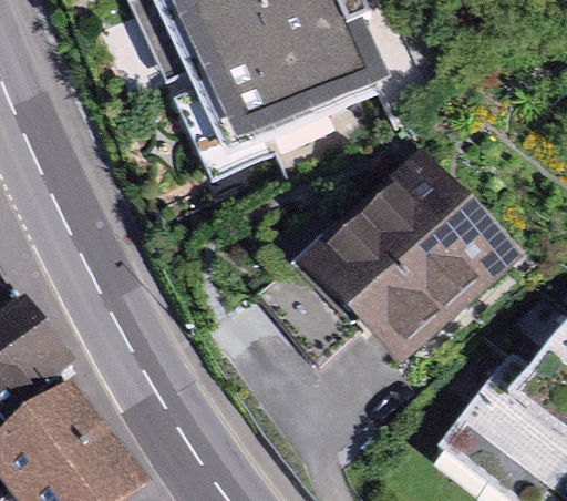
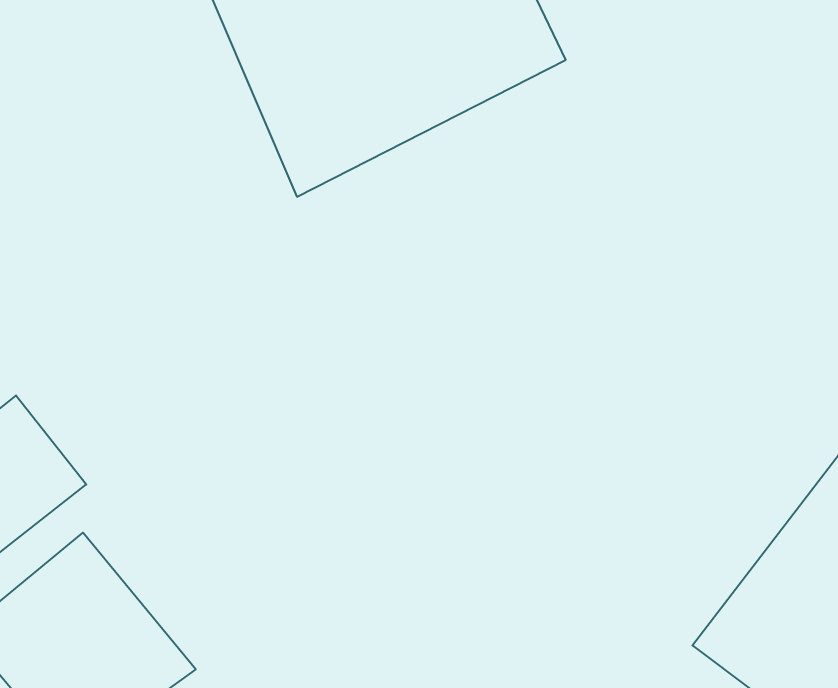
building: [316,156,503,341] -> none

